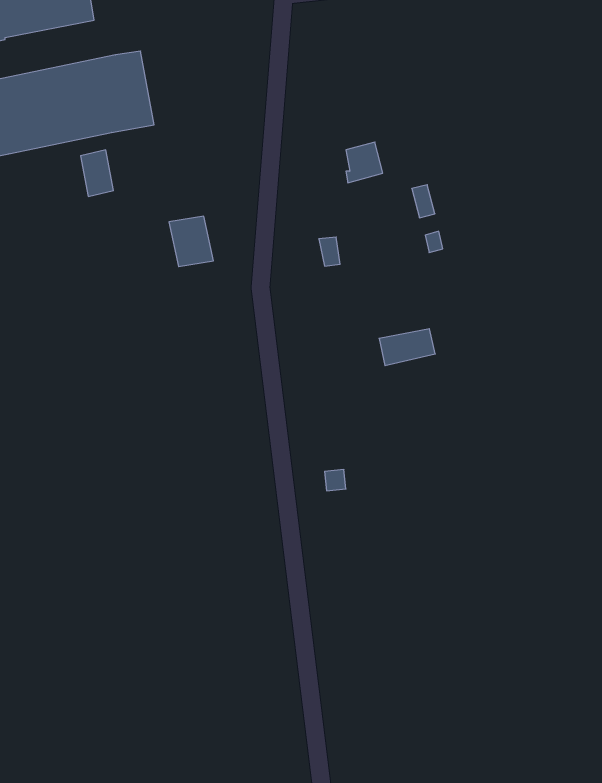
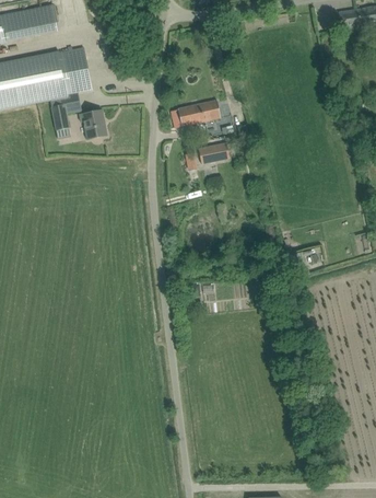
building: none -> [171,103,202,127]
building: [169,216,213,267] -> [82,109,107,138]
building: [379,329,435,366] -> [198,142,230,163]

